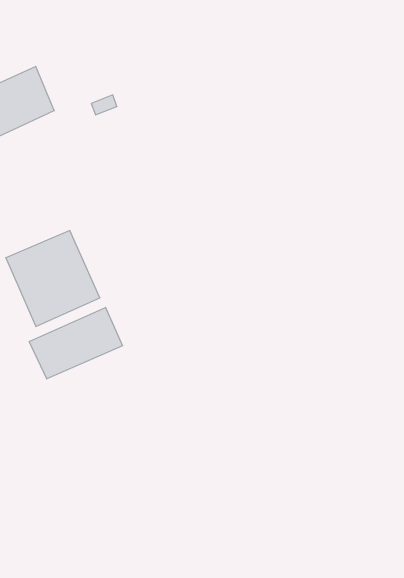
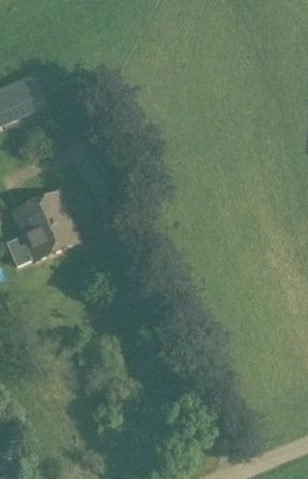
building: [29,307,123,379] -> none

